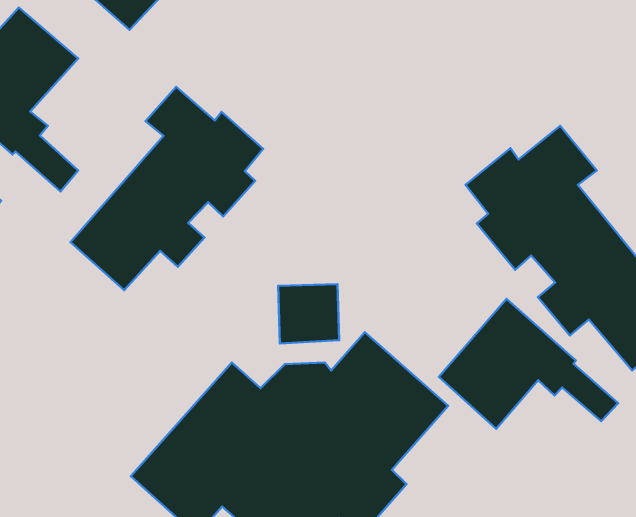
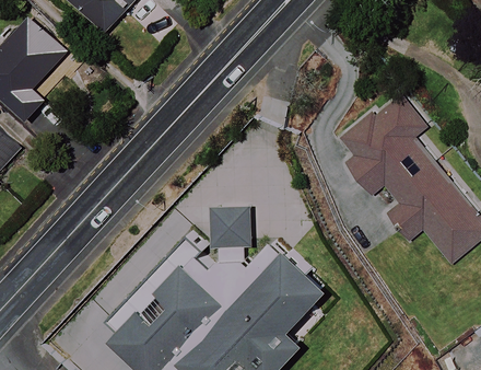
building: [70,87,263,290] -> none
building: [439,299,618,429] -> none

